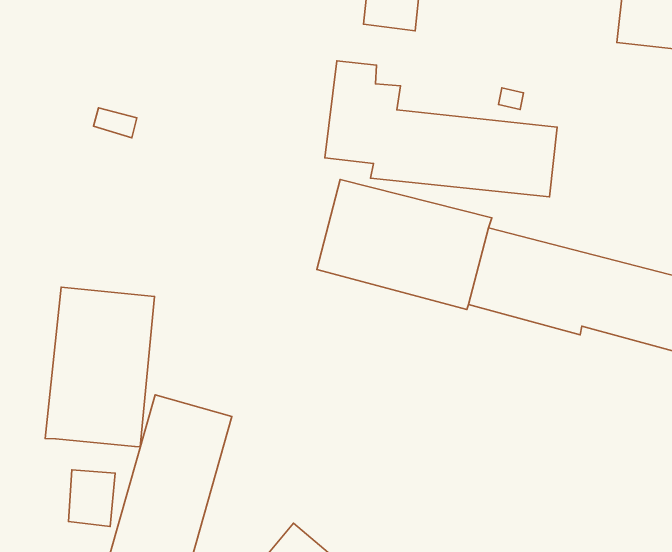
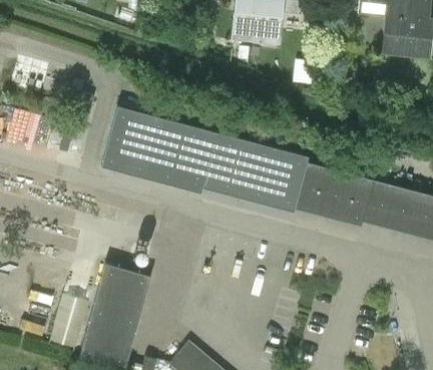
building: [325,61,557,197] -> none
building: none -> [101,106,217,194]
building: [45,287,154,447] -> none

